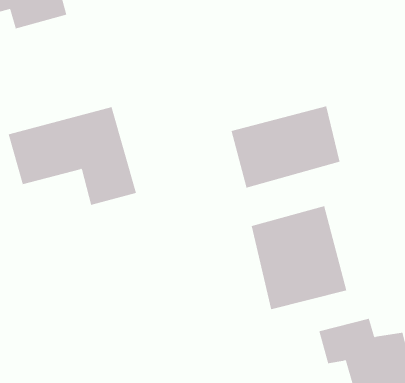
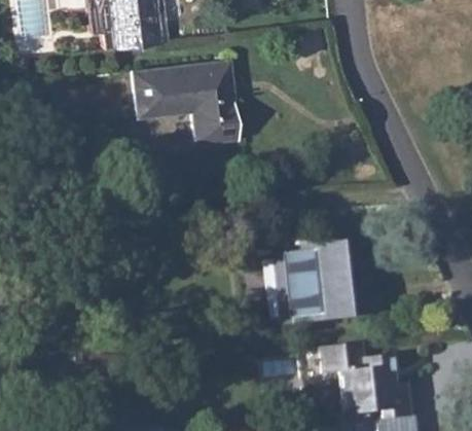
building: [231,105,340,188] -> none
building: [8,106,137,205] -> [139,59,241,140]

